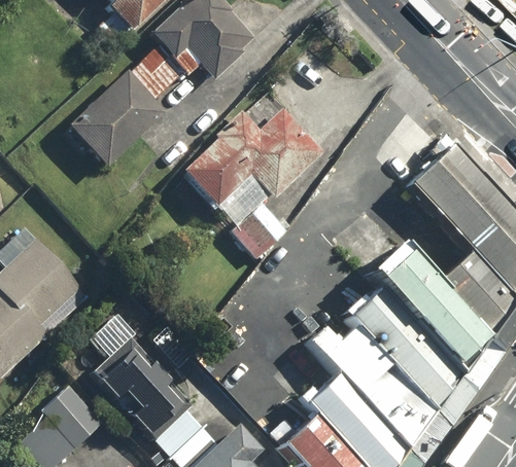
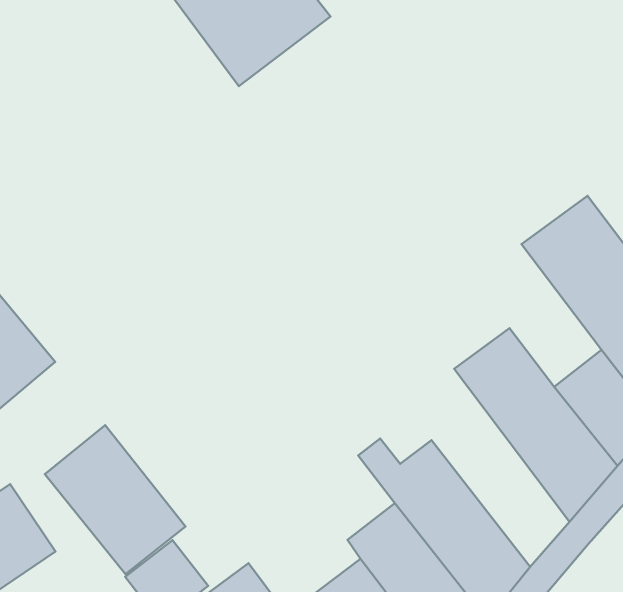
building: [67,46,183,169] -> none
building: [182,103,325,260] -> none
building: [347,286,462,407] -> none

